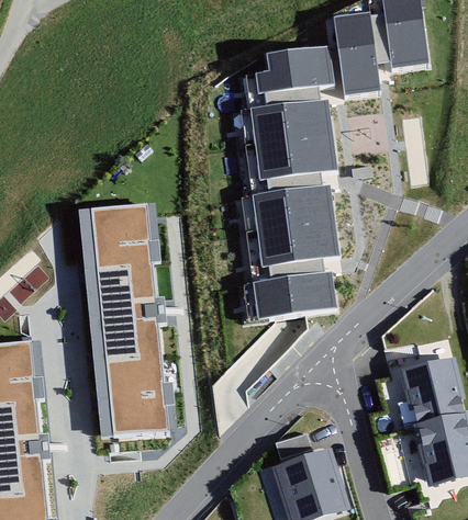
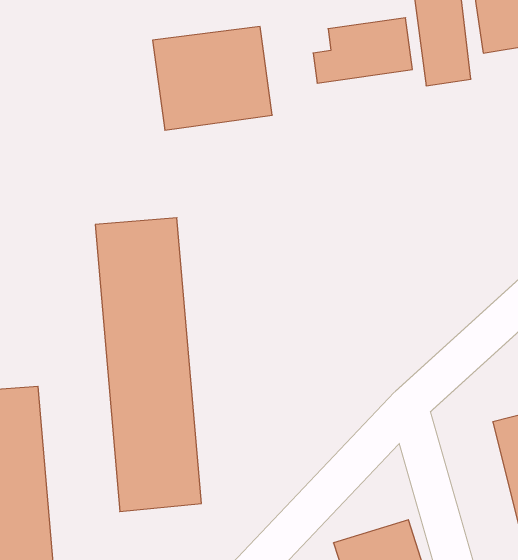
building: [241,97,337,180] -> [153,27,272,130]
building: [241,183,339,267] -> none
building: [245,270,335,319] -> none

